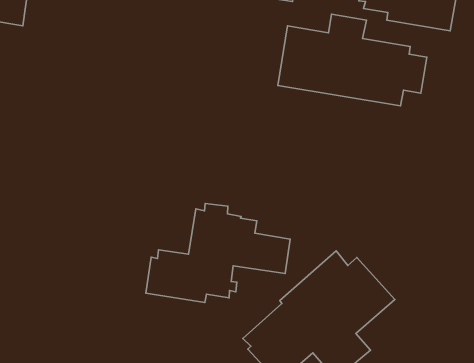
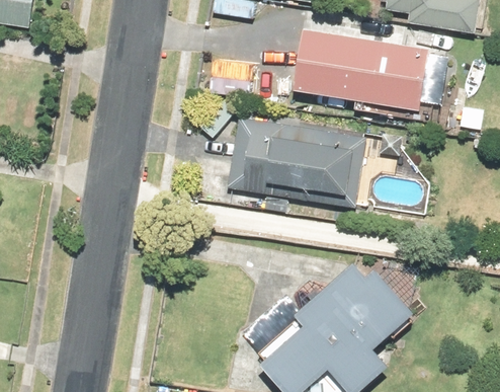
building: none -> [228,117,365,209]
building: [146,204,290,302] -> none

